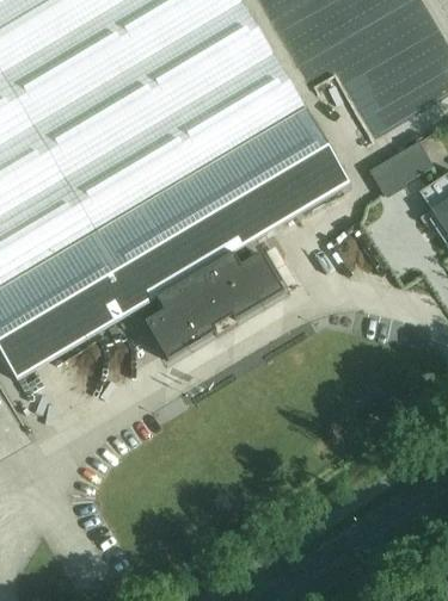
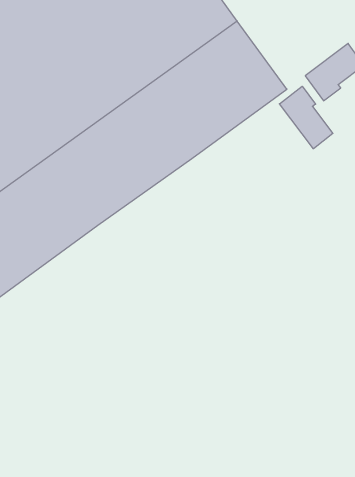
building: none -> [279,86,333,149]
building: [140,243,282,357] -> none

